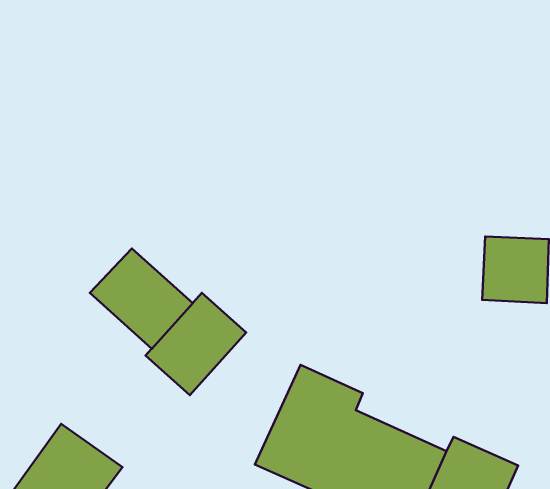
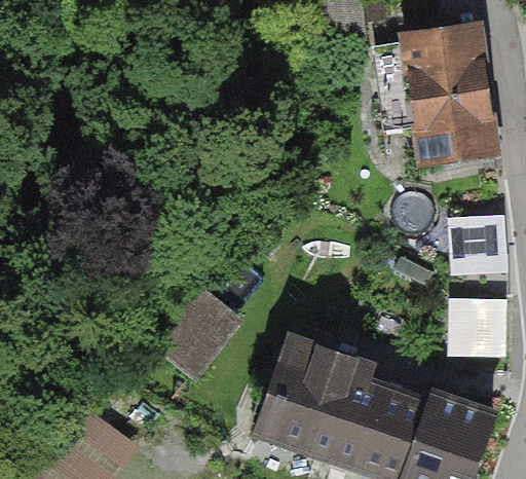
building: none -> [404,19,490,168]
building: [90,248,193,349] -> none
building: none -> [449,297,508,357]

